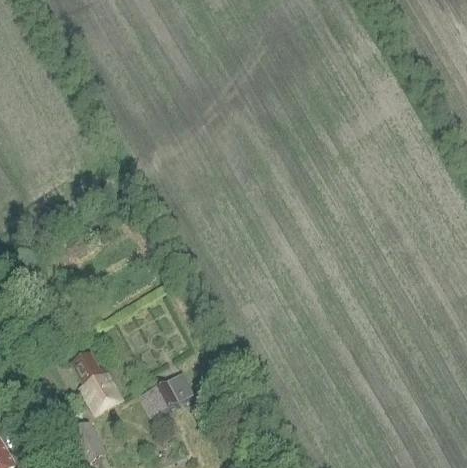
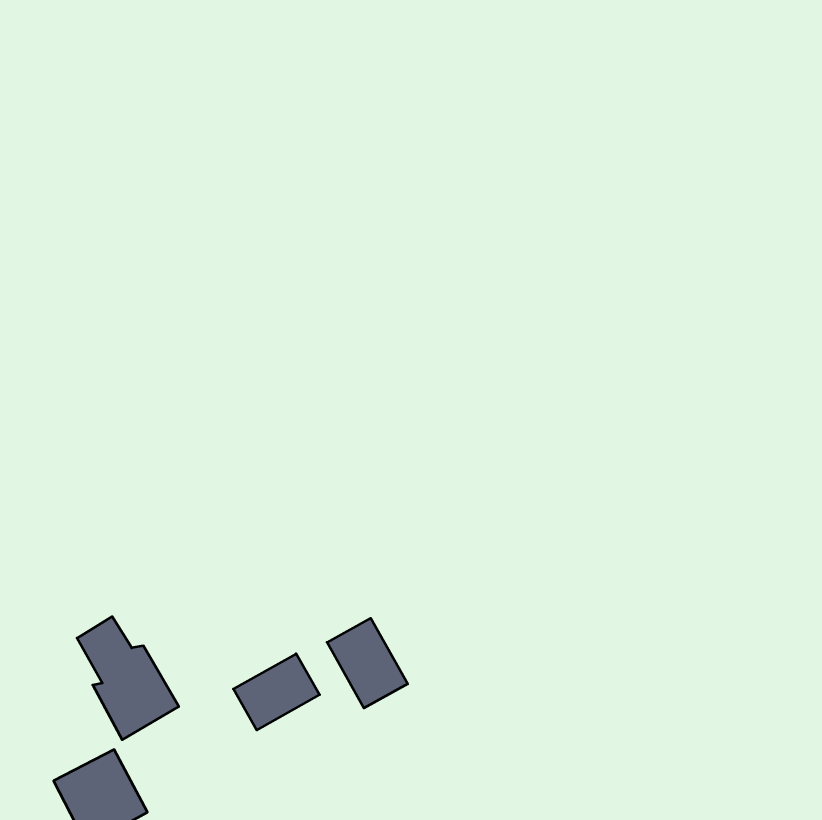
building: none -> [327,618,408,708]

